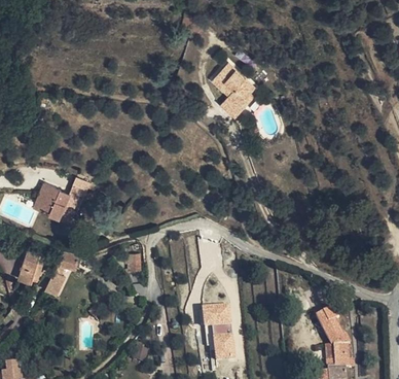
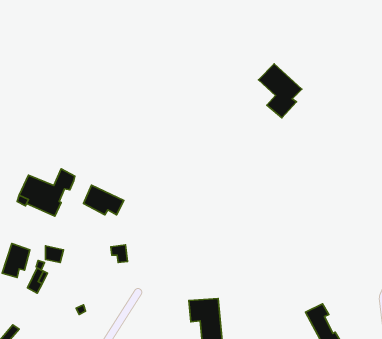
building: [214,63,256,115] -> [259,64,302,118]
building: none -> [84,185,124,215]

